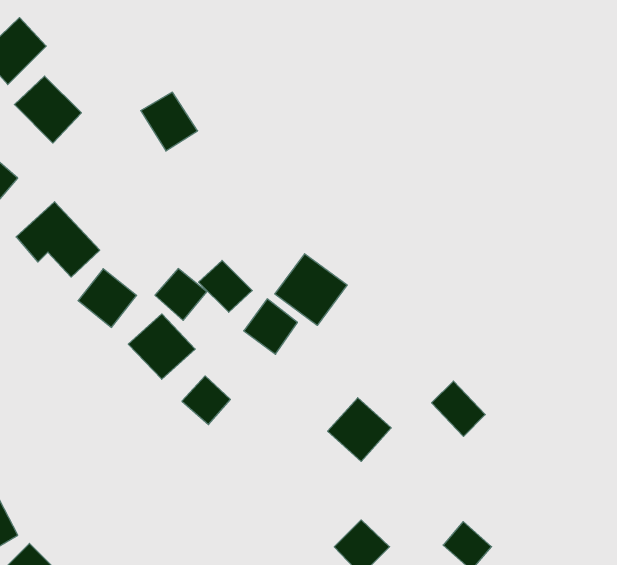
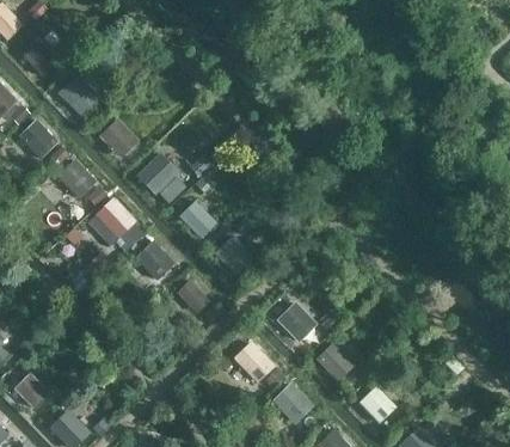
building: [141,92,198,151] -> [102,117,142,159]
building: [275,254,347,325] -> none
building: [155,269,207,320] -> [141,161,178,198]
building: [432,381,485,436] -> [319,342,357,381]
building: none -> [229,345,274,391]

